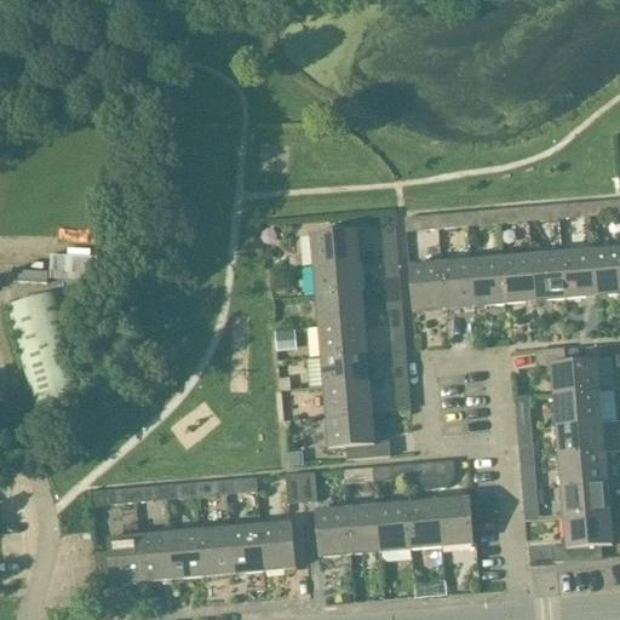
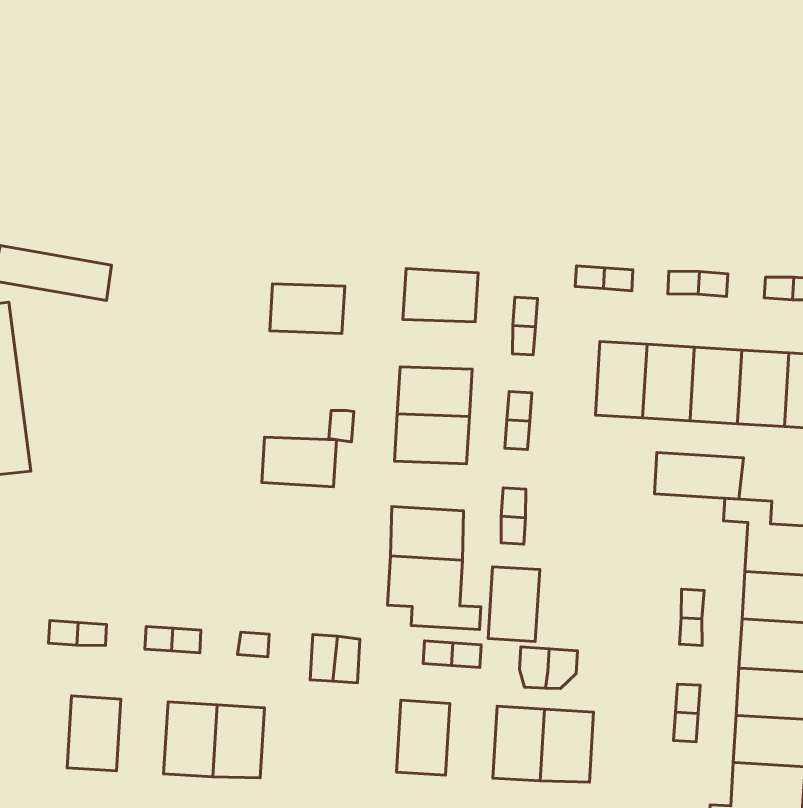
building: [314,259,362,294] -> [270,284,345,333]
building: [409,260,444,310] -> none
building: none -> [655,453,744,499]
building: [321,350,369,384] -> [262,437,336,487]
building: [378,501,412,550] -> [488,567,540,641]
building: [315,506,350,555] -> none
building: [107,521,140,581] -> none
building: [260,521,295,568] -> none
building: [168,528,202,576] -> none

